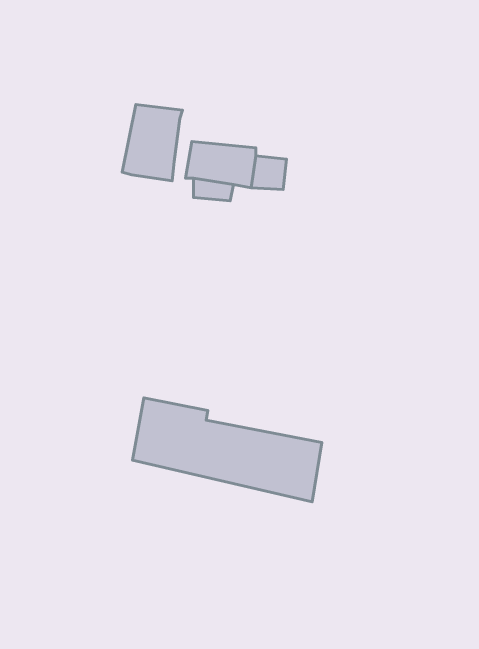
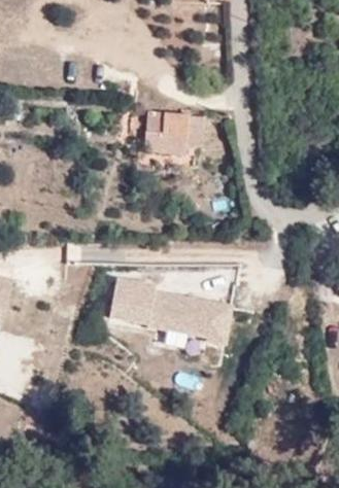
building: [122,104,182,181] -> none

